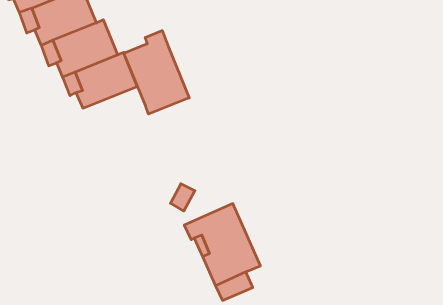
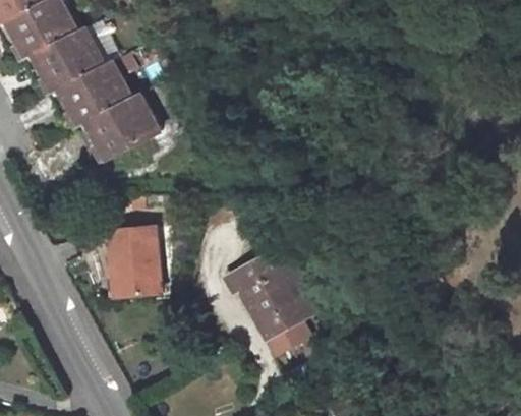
building: [124,31,189,114] -> none
building: none -> [111,227,159,297]

